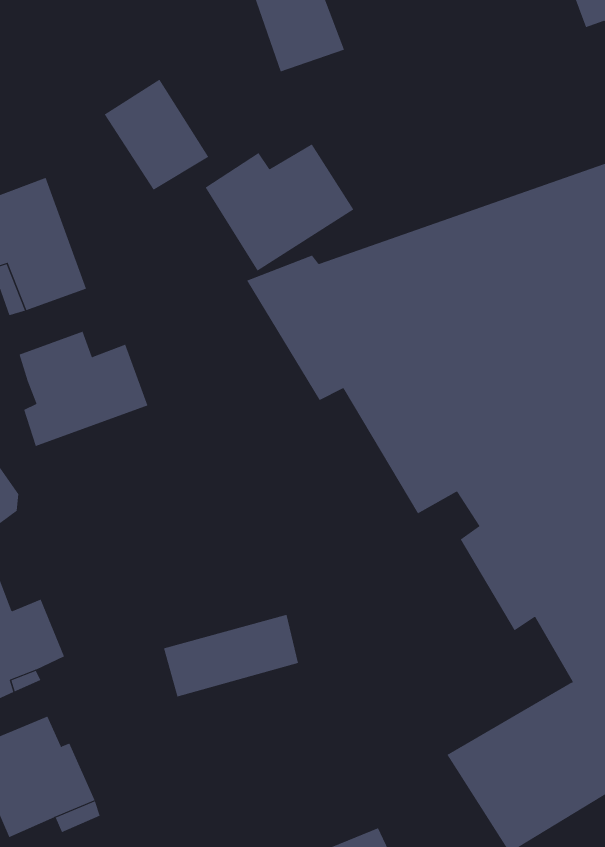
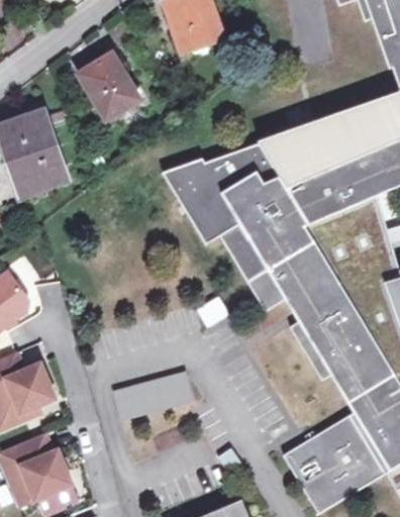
building: [205,143,354,272] -> none
building: [19,331,148,447] -> none

